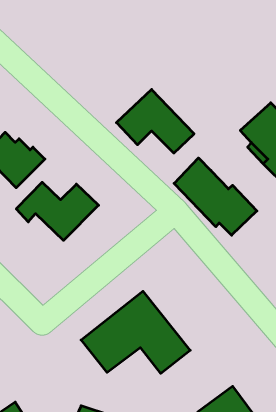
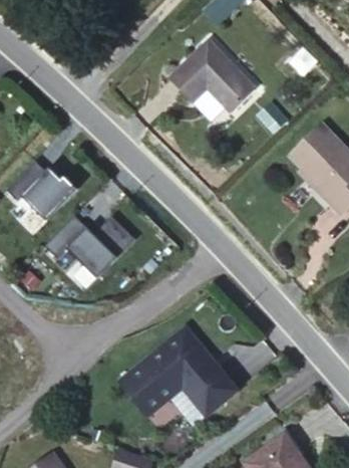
building: [116,89,194,153] -> [169,42,254,111]
building: [174,158,257,235] -> none

